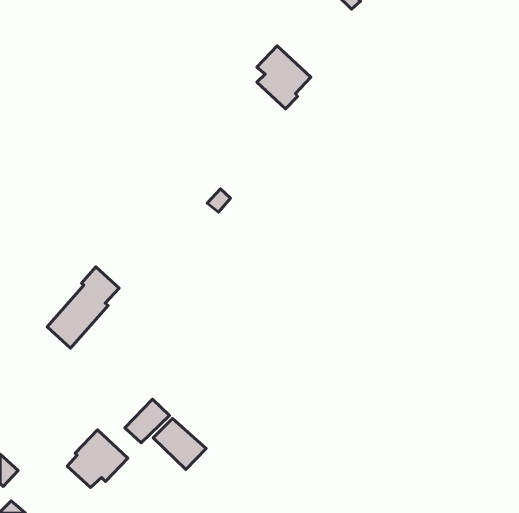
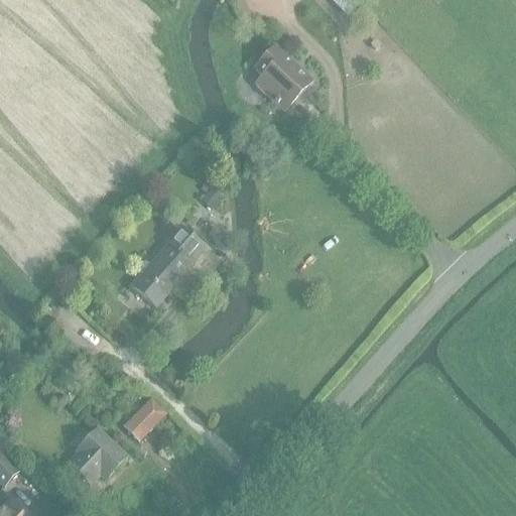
building: [47,267,119,348] -> [132,225,204,305]
building: [153,418,206,469] -> none

